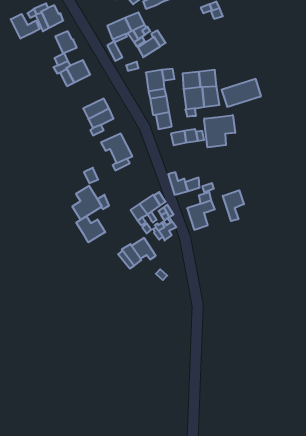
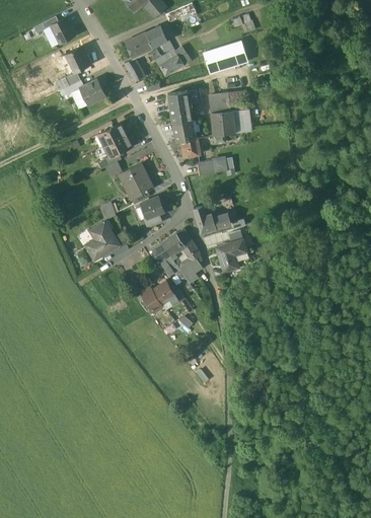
building: [11,14,40,39] -> none
building: [222,79,261,107] -> [203,42,247,73]
building: [204,115,235,147] -> none
building: none -> [140,197,164,228]
building: [223,190,244,221] -> none
building: [76,216,105,242] -> none

